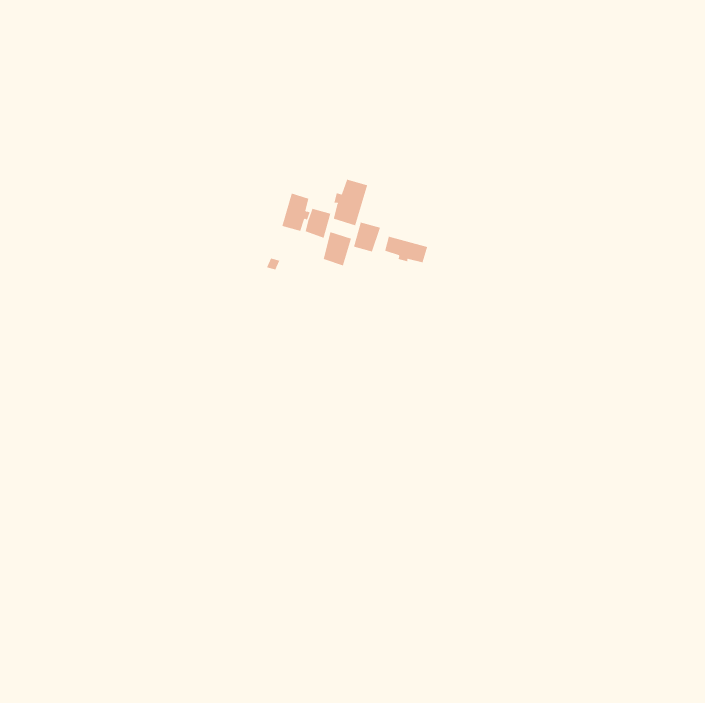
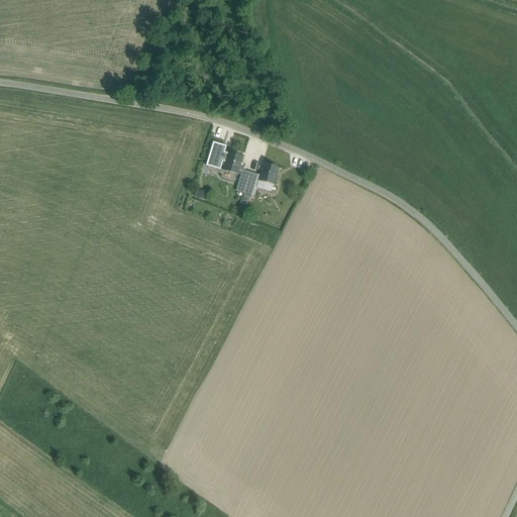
building: [333,179,368,226] -> none
building: [384,236,428,263] -> none

